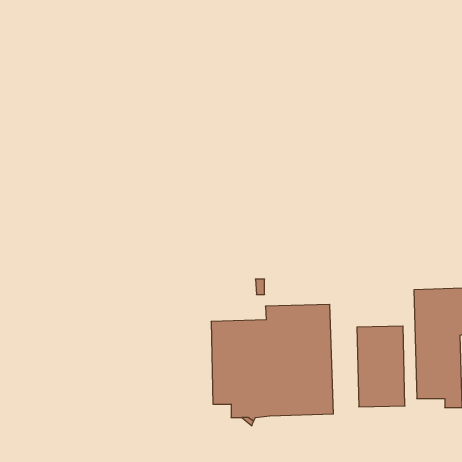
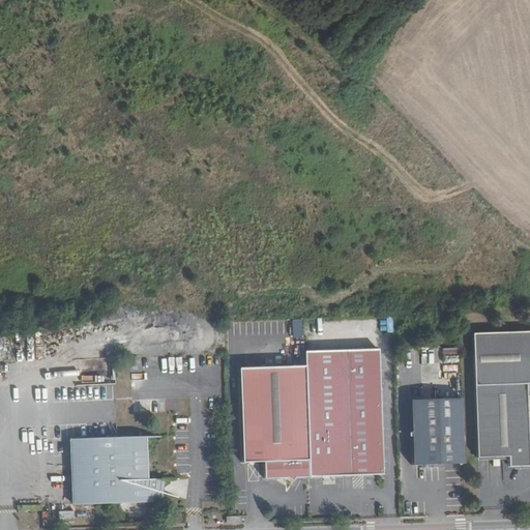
building: none -> [70,438,166,504]

